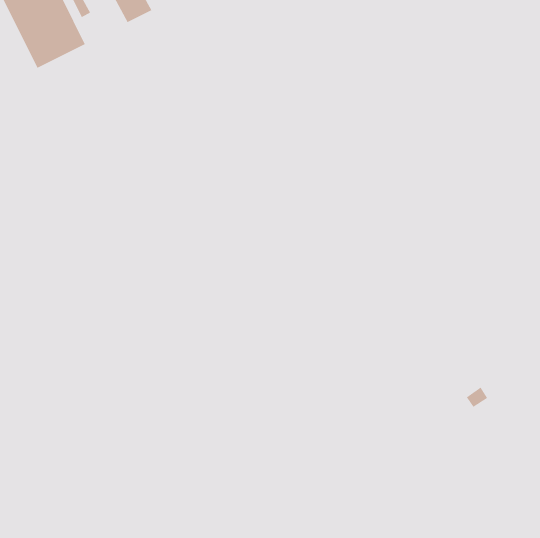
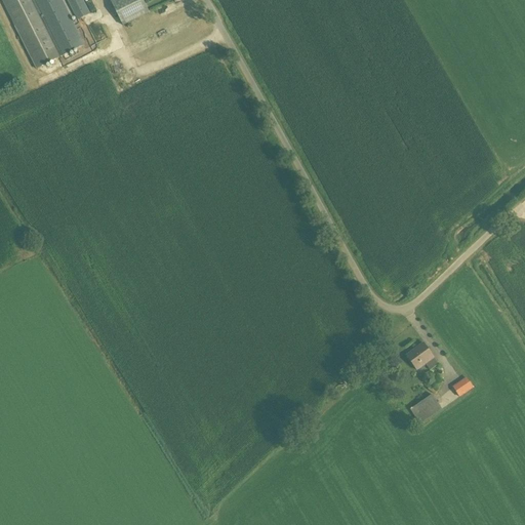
building: none -> [405,340,433,368]
building: none -> [408,392,441,422]

